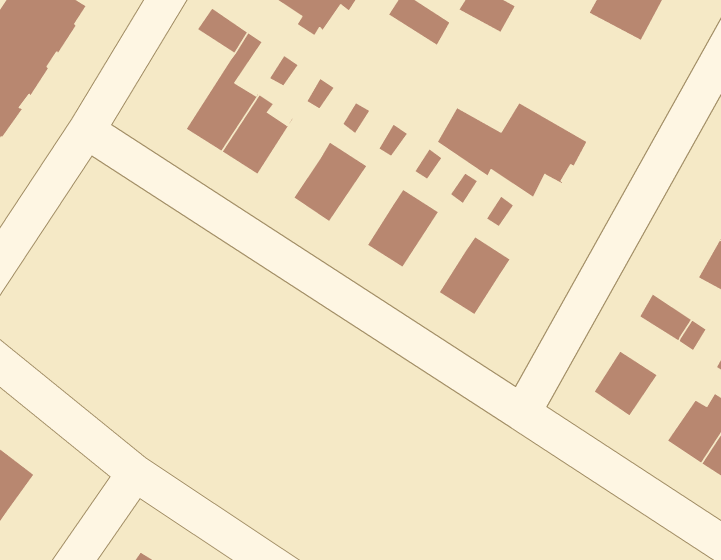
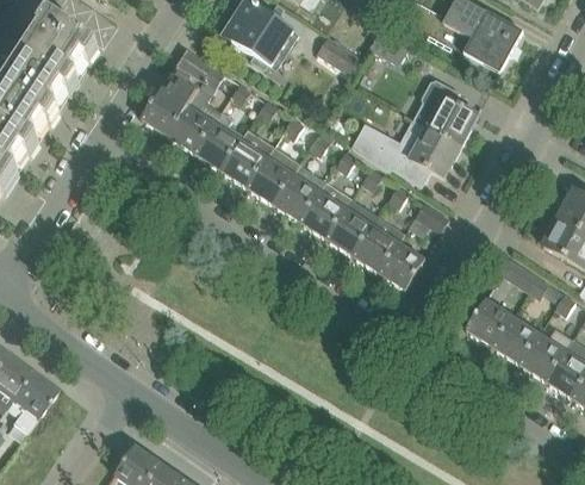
building: none -> [141,68,200,136]
building: none -> [411,76,478,145]
building: none -> [220,129,273,186]
building: none -> [273,163,326,220]
building: none -> [326,197,379,255]
building: none -> [406,201,449,238]
building: none -> [379,242,425,290]
building: none -> [492,316,540,363]

